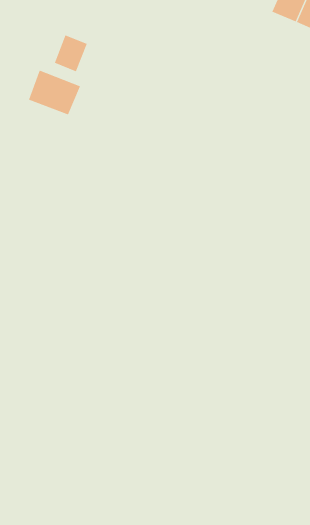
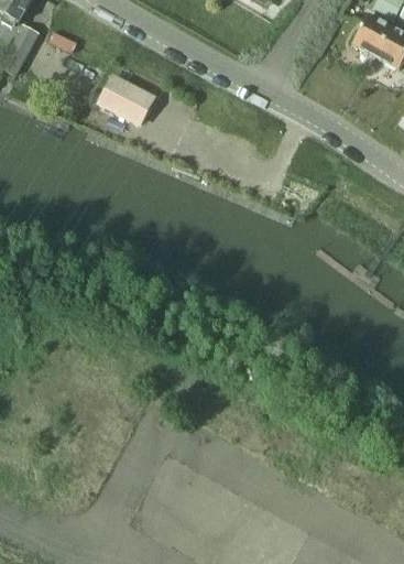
building: [54,35,88,72] -> none

